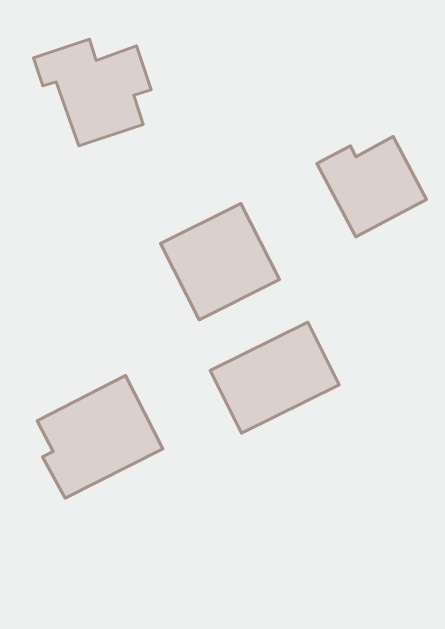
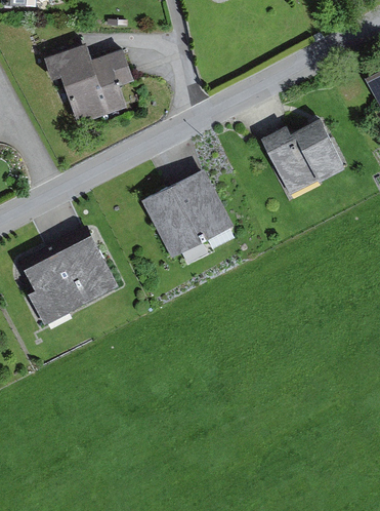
building: [210,322,339,433] -> none
building: [37,375,163,498] -> [23,232,119,326]

